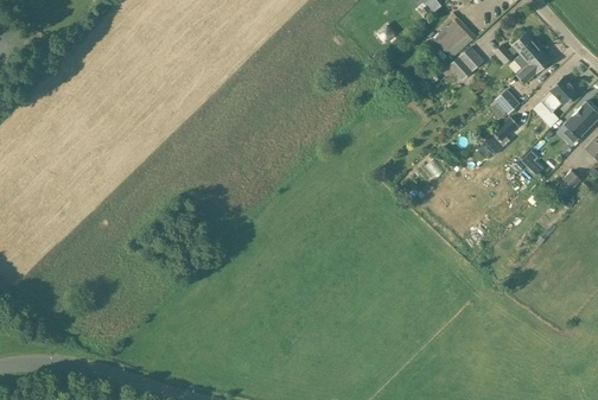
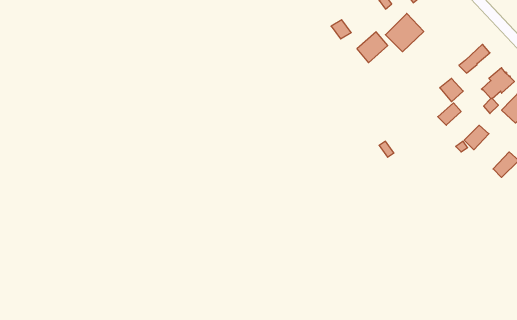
building: [492,33,541,69] -> none
building: [448,46,483,81] -> [357,32,388,63]

